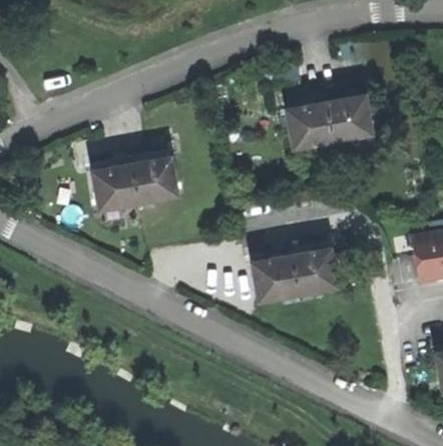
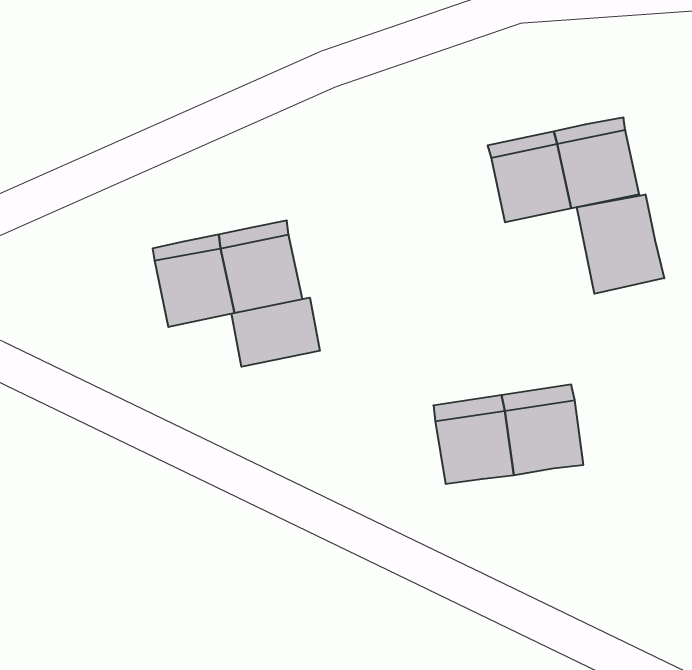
building: none -> [577,194,664,294]
building: none -> [231,298,320,367]

